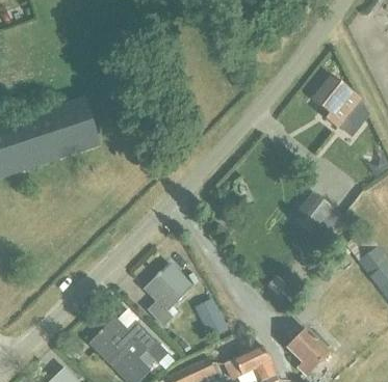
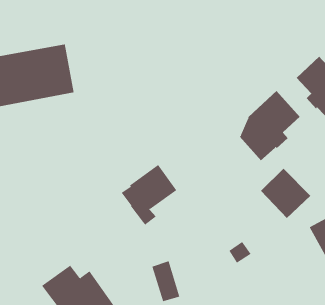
building: none -> [239,90,301,161]
building: [136,264,191,326] -> [121,164,177,226]

